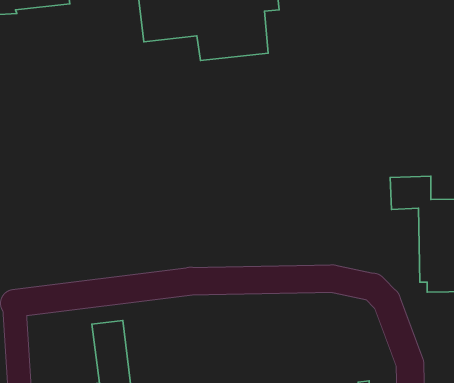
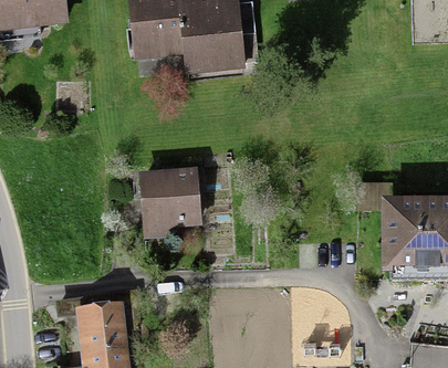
building: none -> [138,168,202,239]

